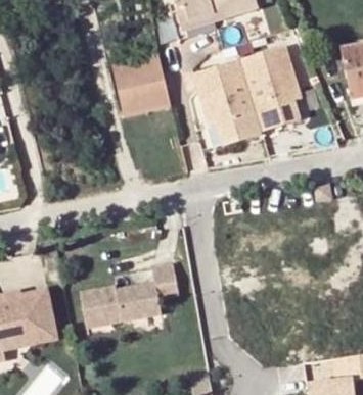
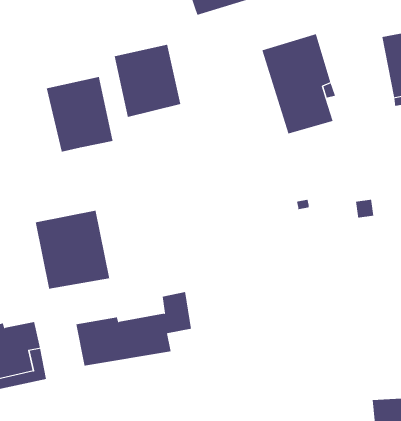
building: [193,58,261,143] -> none
building: none -> [46,76,113,153]
building: none -> [35,210,110,290]

